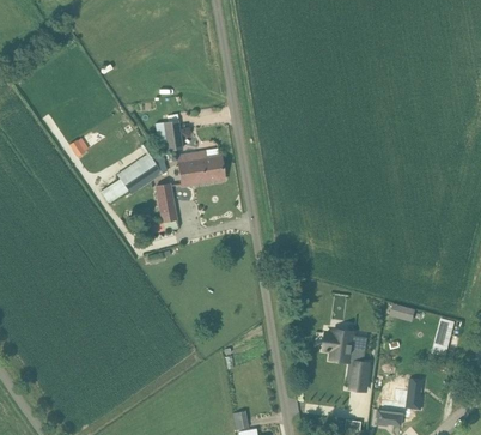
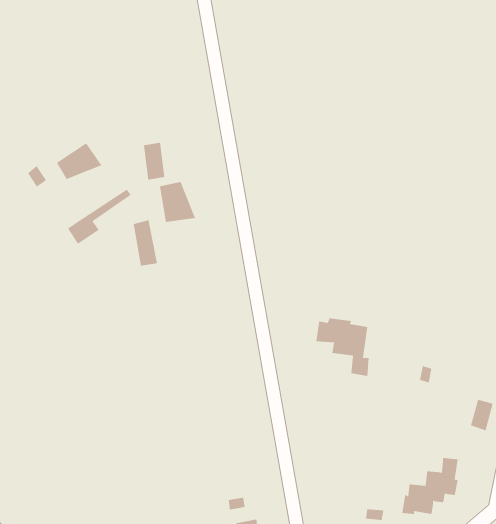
building: none -> [56,142,102,180]
building: [195,151,224,182] -> none
building: [327,332,371,380] -> [316,318,370,376]

